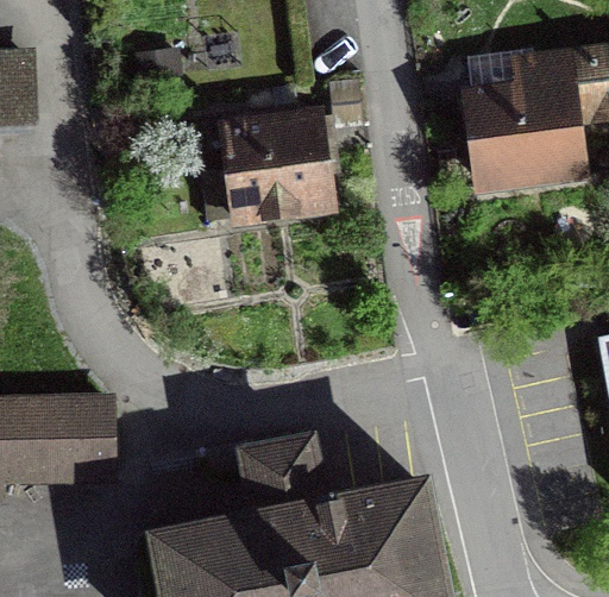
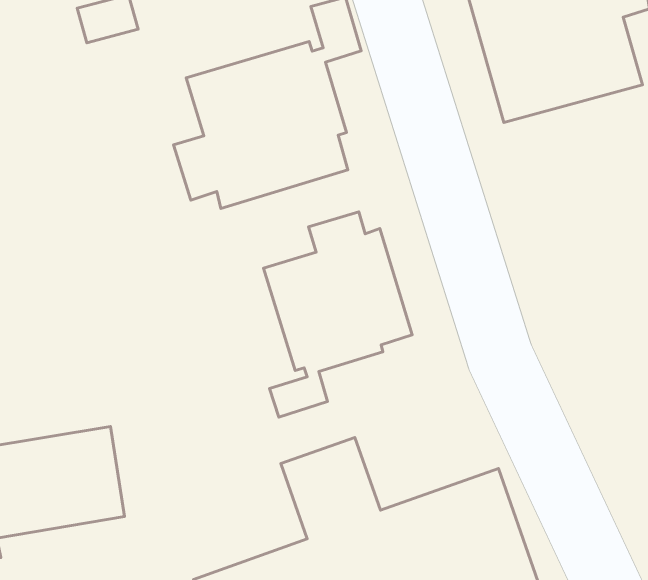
building: none -> [263,212,412,417]

